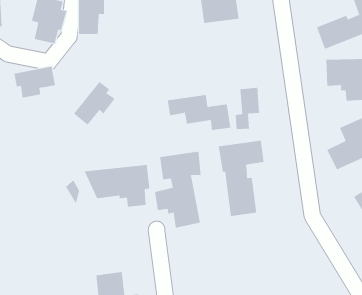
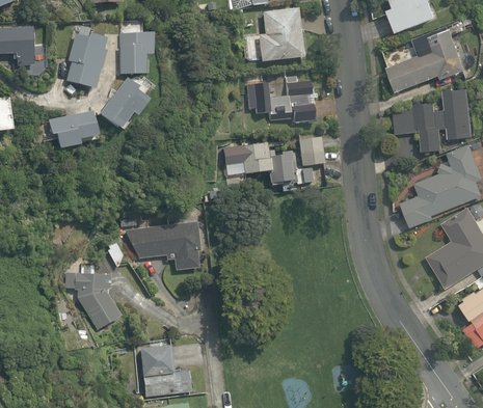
building: none -> [245,81,319,126]
building: [73,81,116,126] -> [97,79,144,129]
building: [218,140,264,217] -> none
building: [154,151,201,228] -> none
building: none -> [66,257,119,329]

